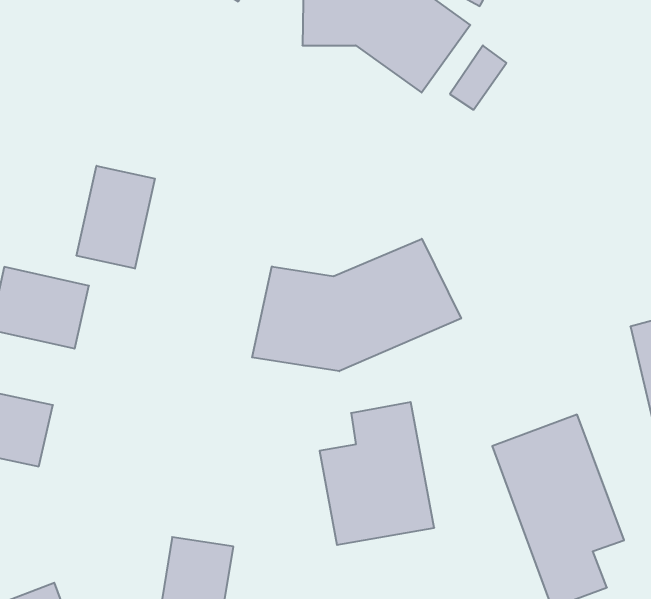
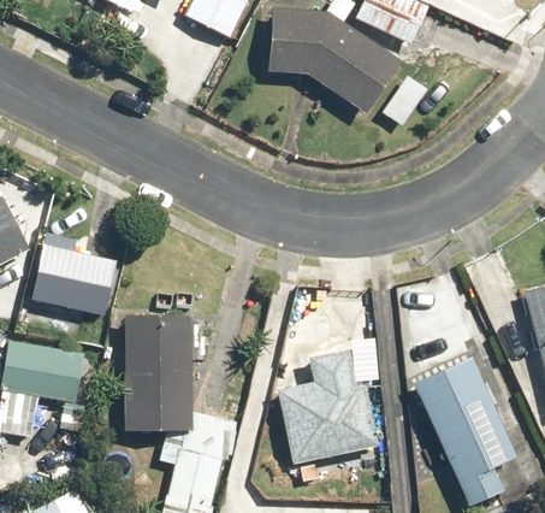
building: [77,166,155,269] -> none
building: [252,239,461,371] -> none
building: none -> [126,314,199,428]

